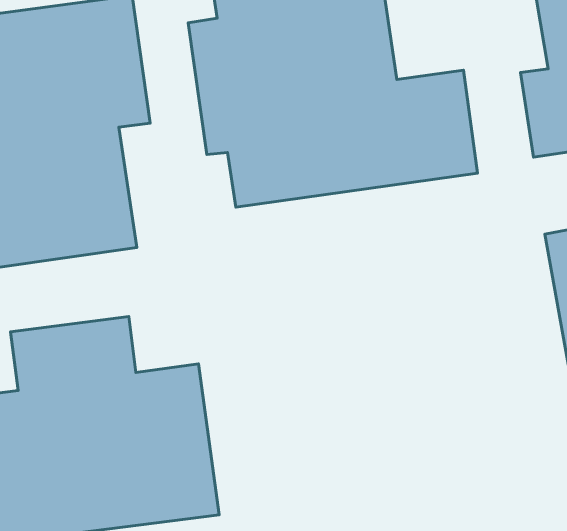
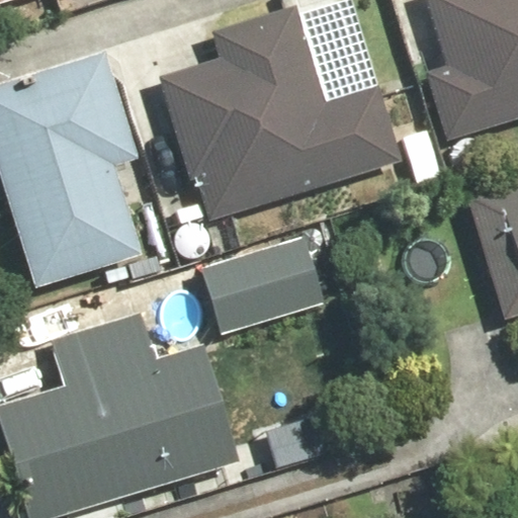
building: none -> [201,238,324,336]

